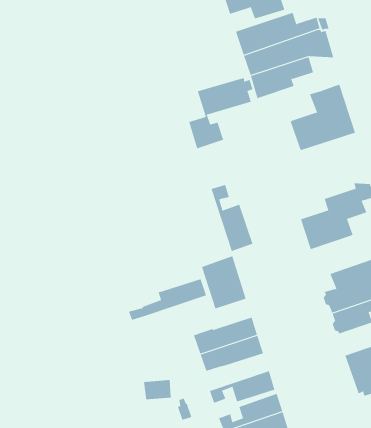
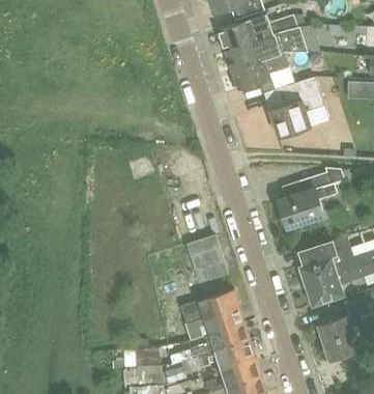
building: [189,77,253,149] -> none
building: [211,184,253,252] -> none
building: [128,278,207,320] -> [177,322,249,361]

